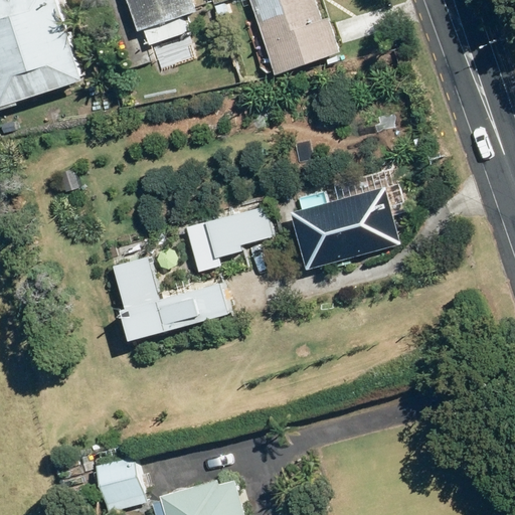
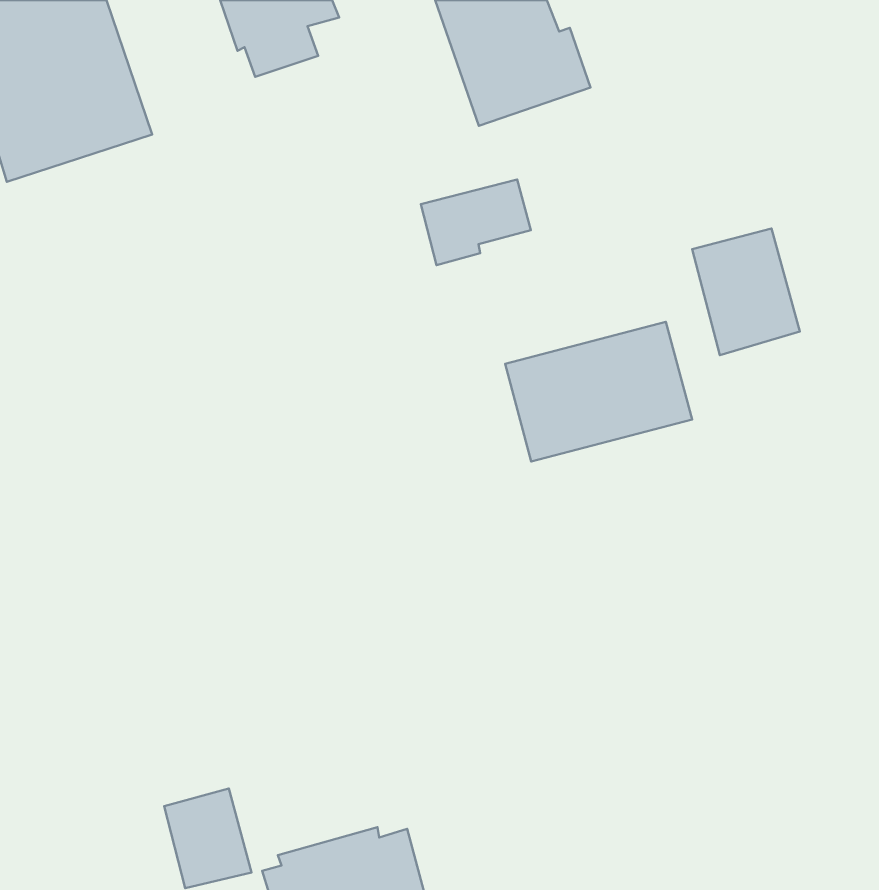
building: none -> [692,229,800,355]
building: [207,207,271,256] -> [421,180,531,265]
building: [114,255,227,336] -> none

